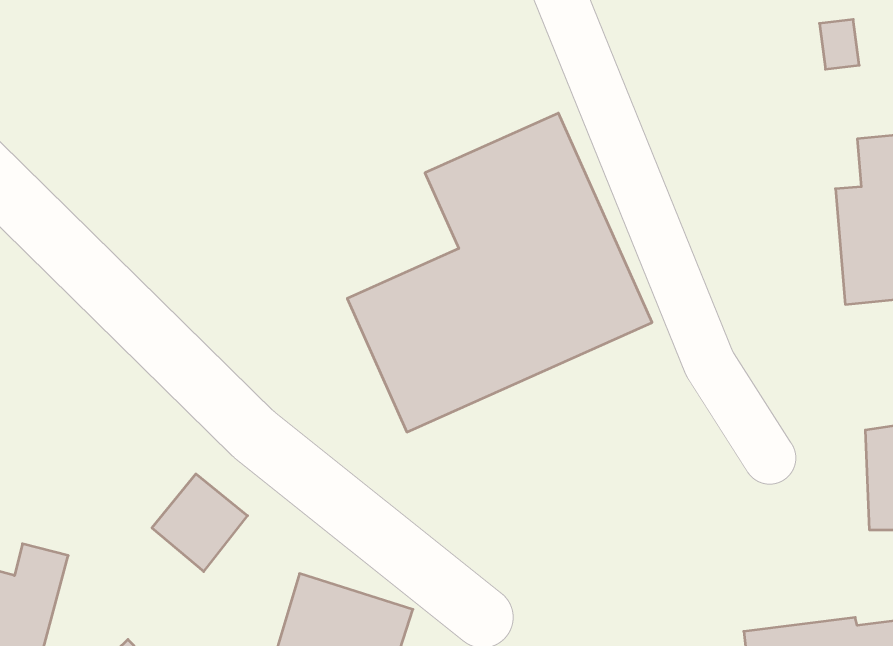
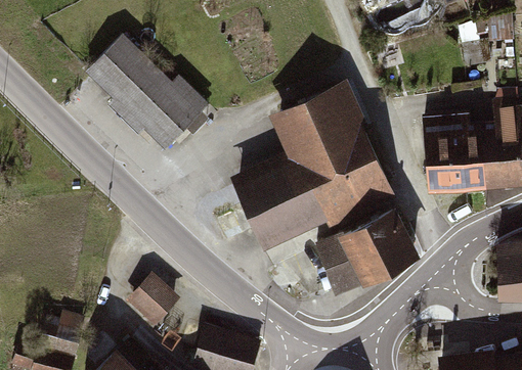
building: none -> [87,36,201,147]
building: none -> [425,124,489,189]
building: none -> [318,212,416,292]

